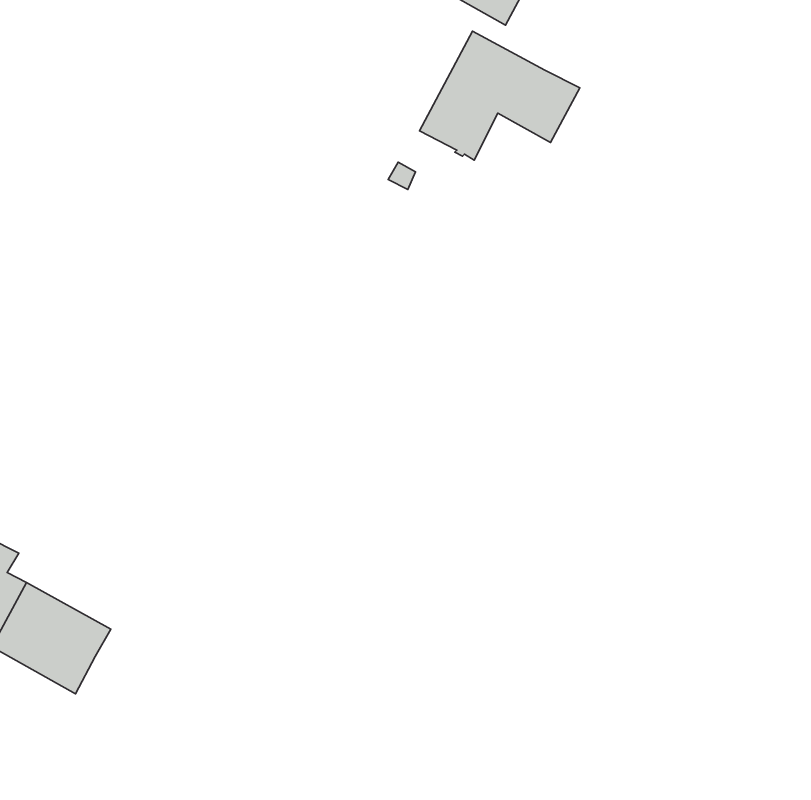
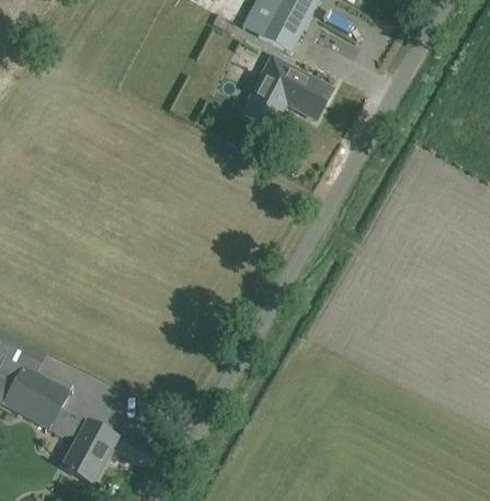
building: none -> [48,406,115,481]

